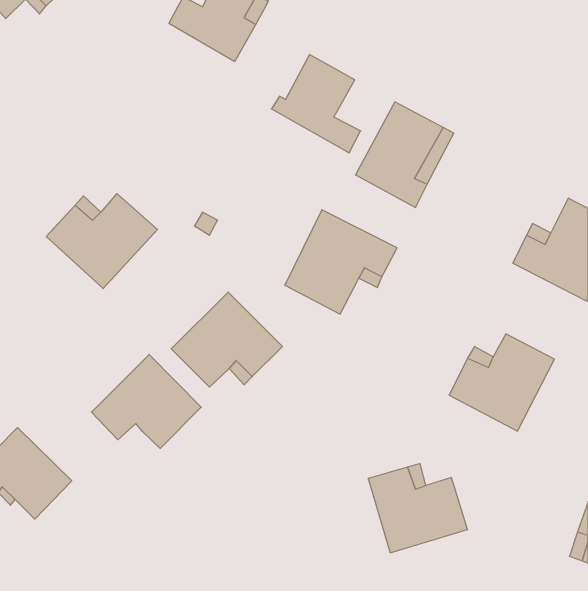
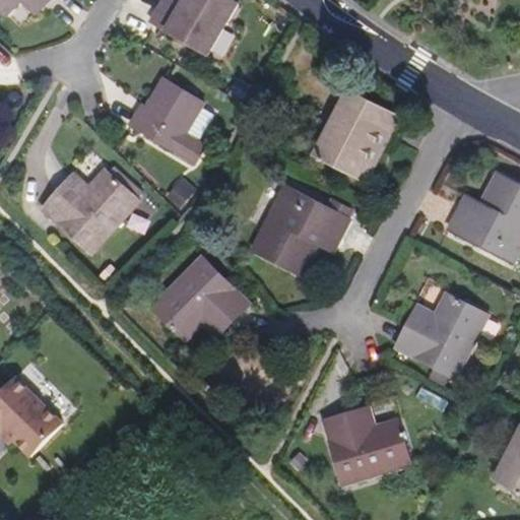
building: [271,54,361,153] -> [129,78,207,165]
building: [91,354,201,448] -> none

